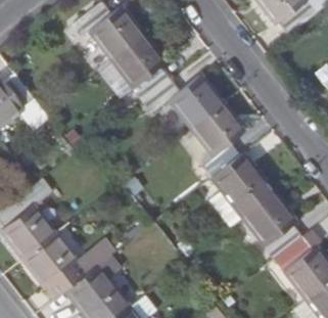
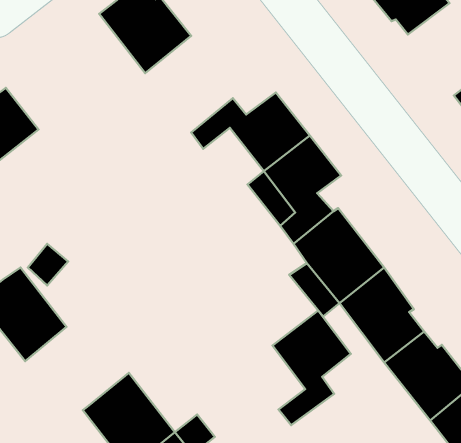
building: [107,34,168,100] -> none
building: none -> [272,310,351,425]
building: [25,234,108,288] -> none

